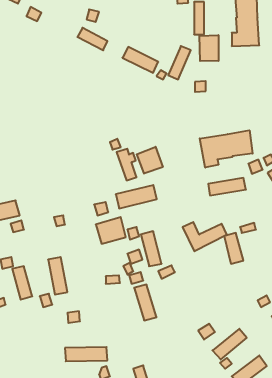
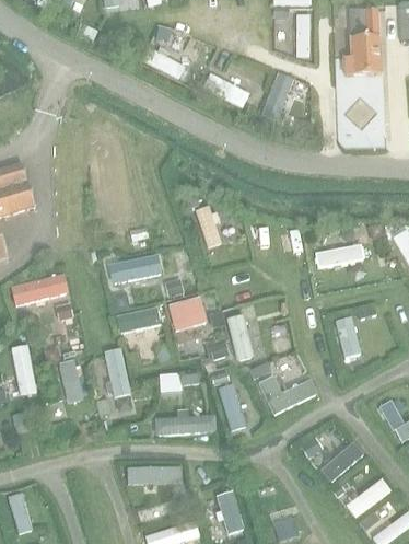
building: [200,35,218,61] -> none
building: [200,130,253,168] -> none
building: [137,147,163,174] -> none
building: [116,185,157,208] -> [106,254,160,285]
building: [183,222,227,251] -> [259,373,317,412]
building: none -> [116,308,160,334]
building: none -> [155,409,215,436]

